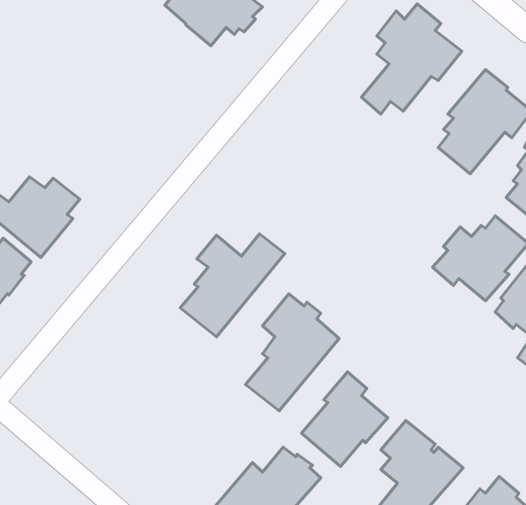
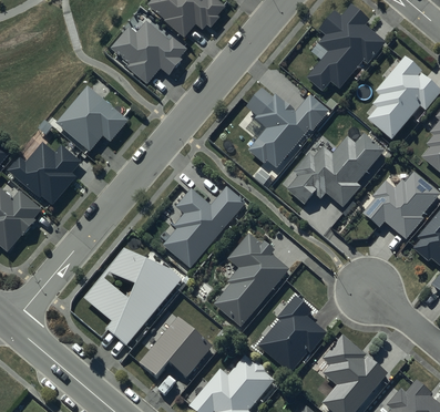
building: none -> [112,21,188,83]
building: none -> [57,83,129,148]
building: none -> [245,87,328,167]
building: none -> [286,131,385,206]
building: none -> [82,247,182,347]
building: none -> [137,316,213,378]

